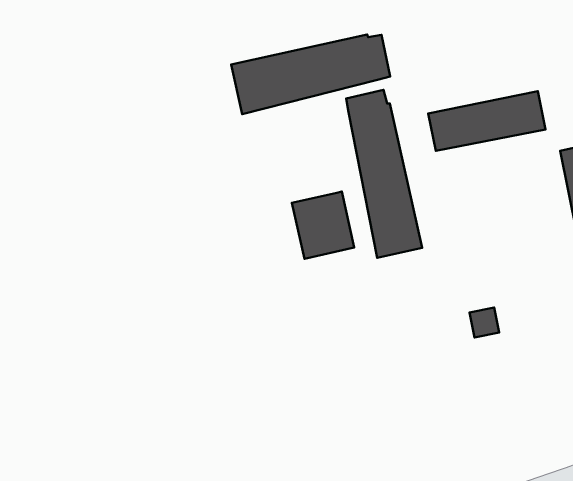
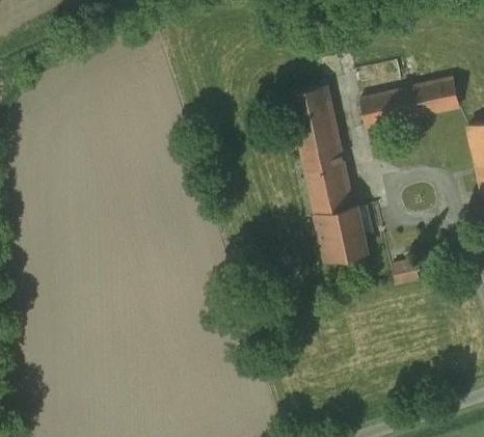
building: [231,34,390,114] -> none
building: [292,192,354,259] -> [317,209,369,265]

